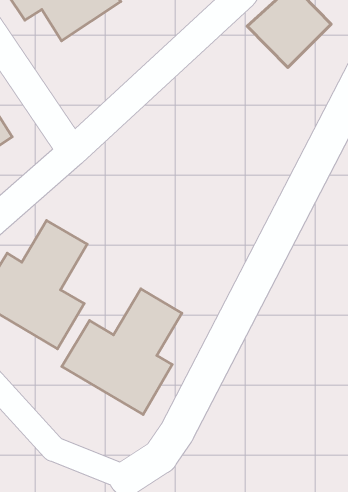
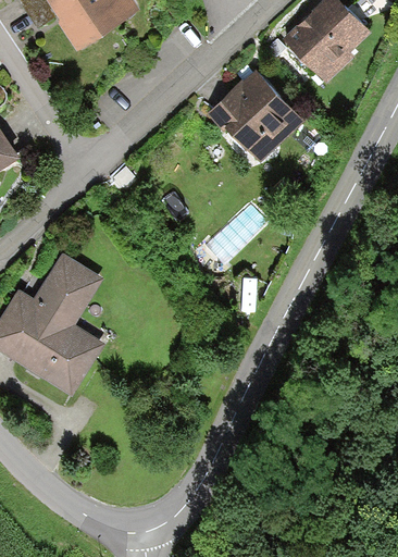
building: none -> [208,69,302,163]
building: [62,289,182,415] -> none

